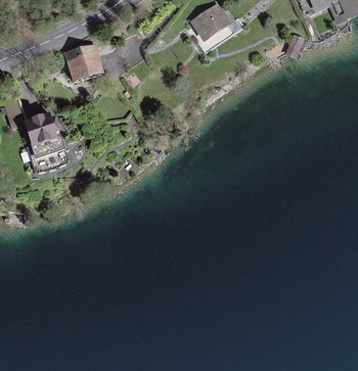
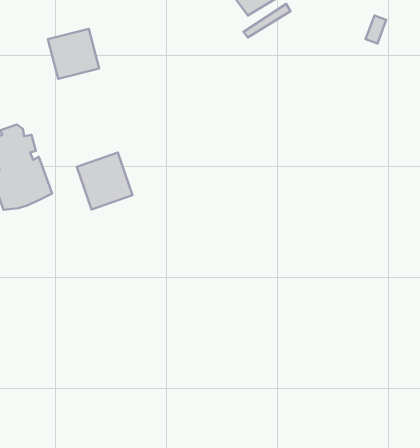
building: none -> [77,153,132,209]

